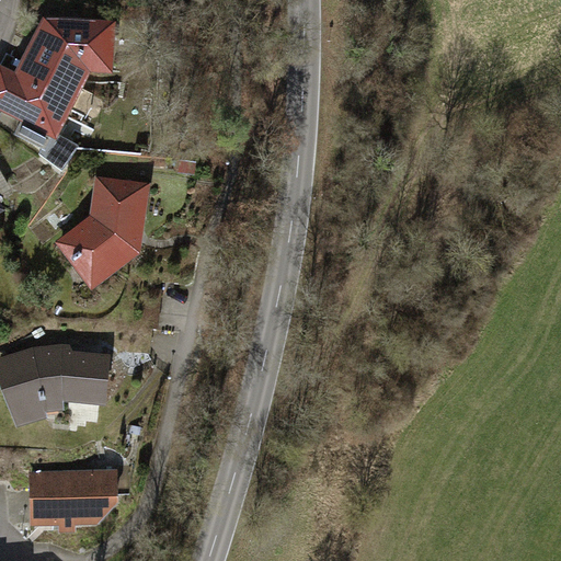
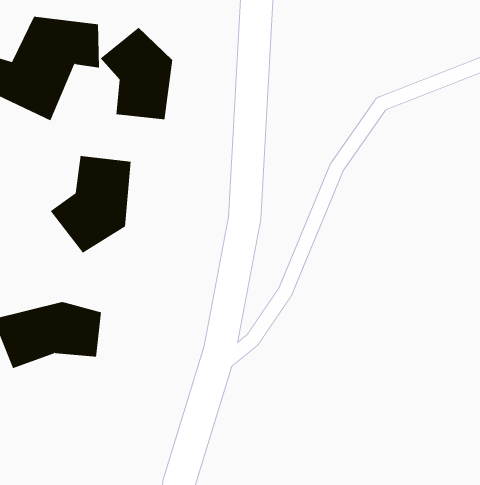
building: none -> [100,27,173,120]
building: [19,466,108,514] -> none

